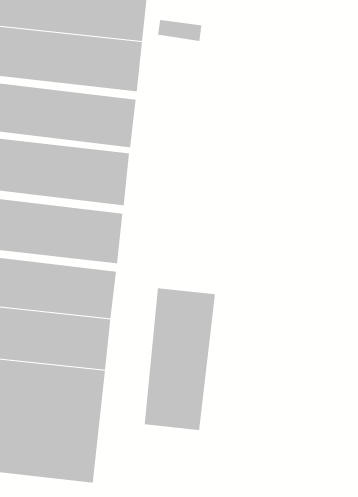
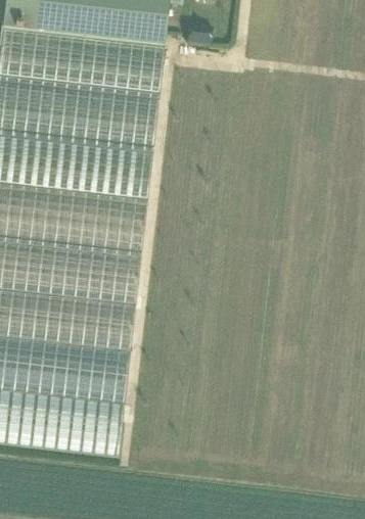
building: [144,287,215,431] -> none

